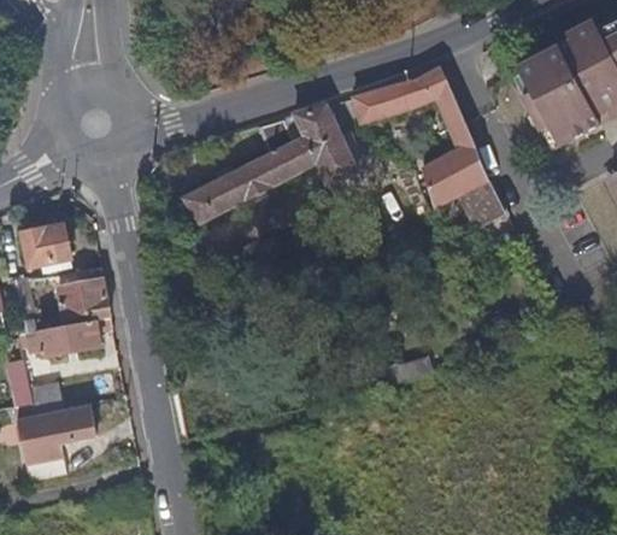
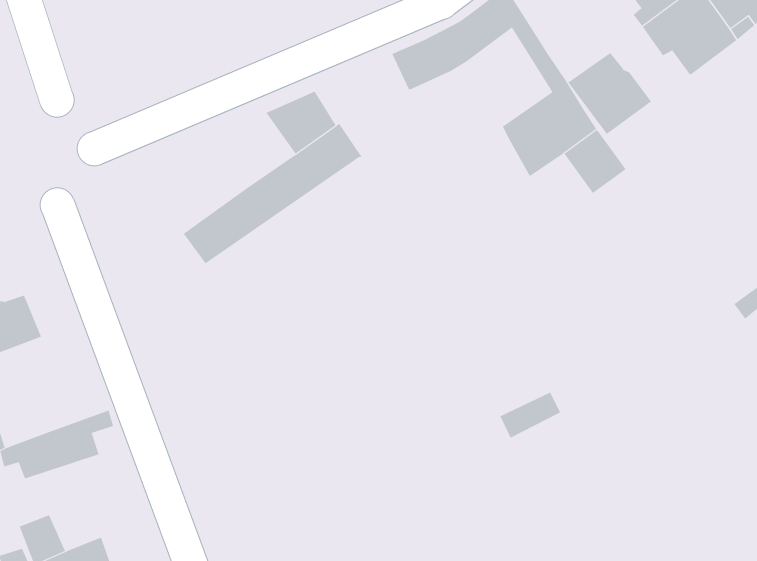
building: [293,106,353,189] -> none
building: none -> [567,52,652,135]
building: [59,276,111,322] -> none

